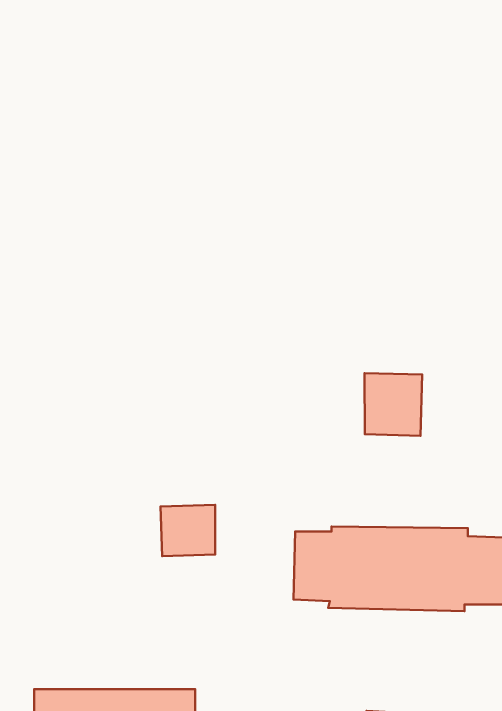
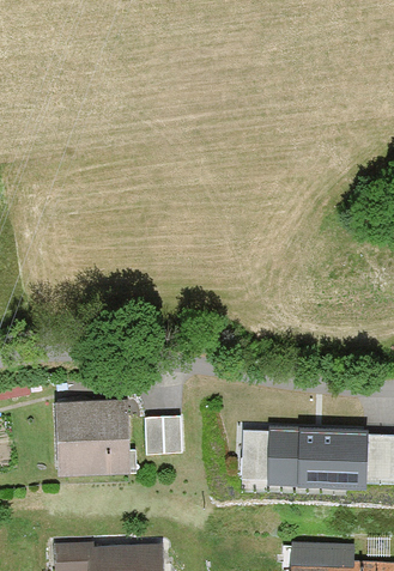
building: [365,373,422,436] -> none
building: none -> [55,400,133,475]

